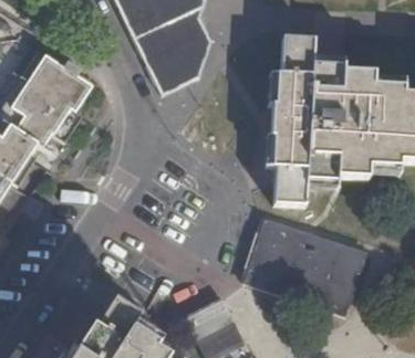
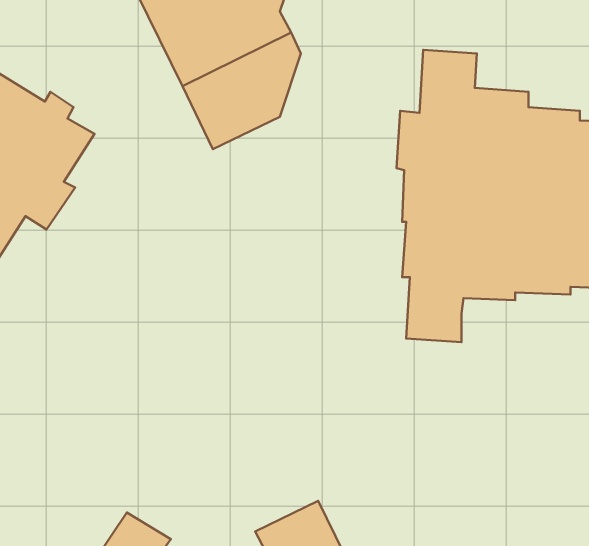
building: [245,218,369,315] -> none

